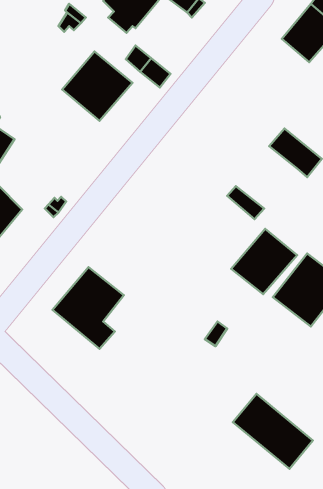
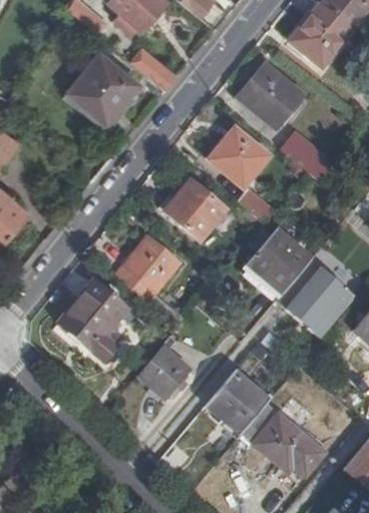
building: none -> [240,62,305,126]
building: none -> [211,130,268,187]
building: none -> [163,179,229,245]
building: none -> [115,236,179,303]
building: none -> [137,349,193,403]
building: none -> [206,370,270,434]

